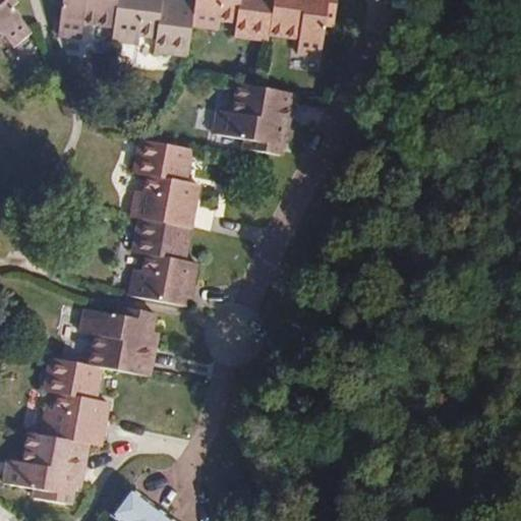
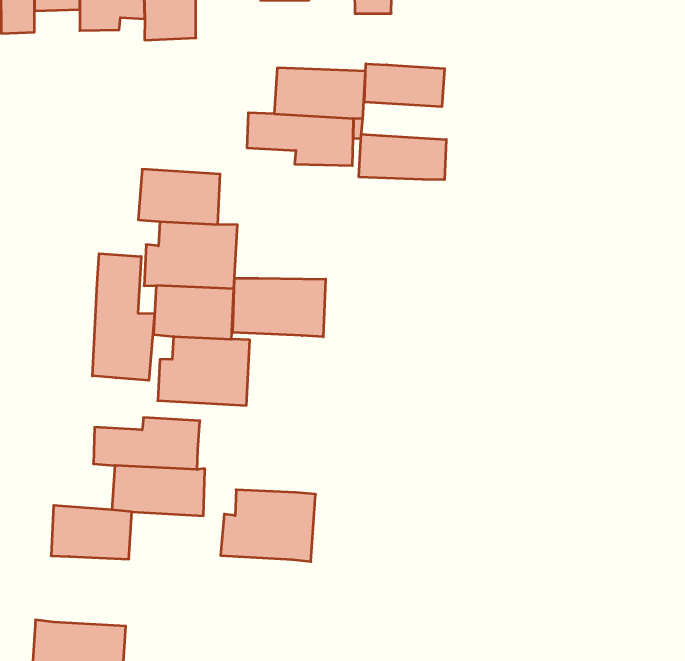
building: none -> [364,64,445,107]
building: none -> [359,134,446,180]
building: none -> [92,254,155,380]
building: none -> [233,278,326,337]
building: [40,392,109,447] -> [221,490,316,562]

